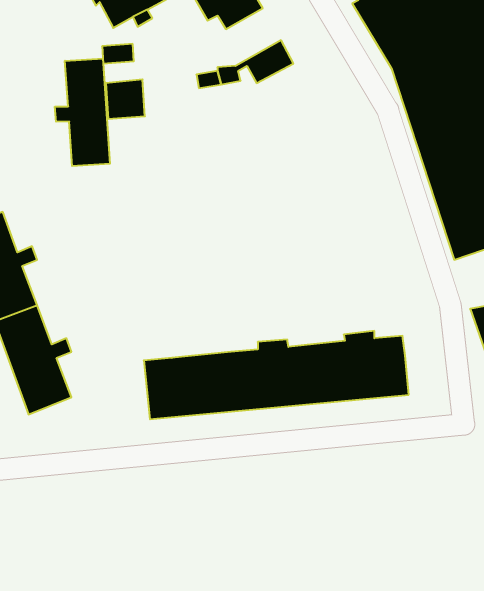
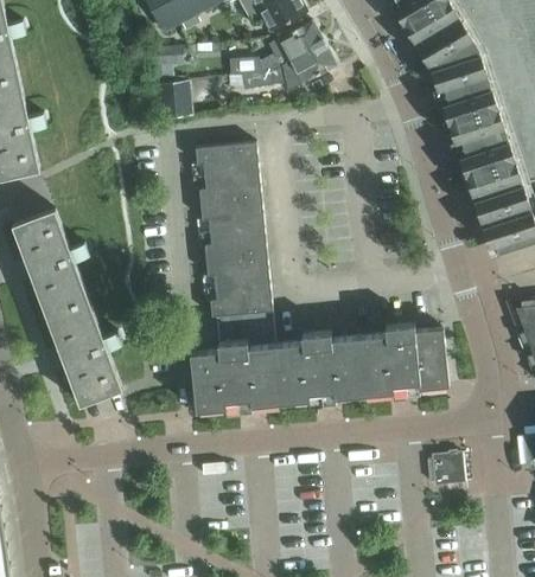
building: none -> [257,21,323,69]
building: [55,58,110,166] -> none
building: none -> [192,142,274,350]
building: none -> [431,454,461,485]

